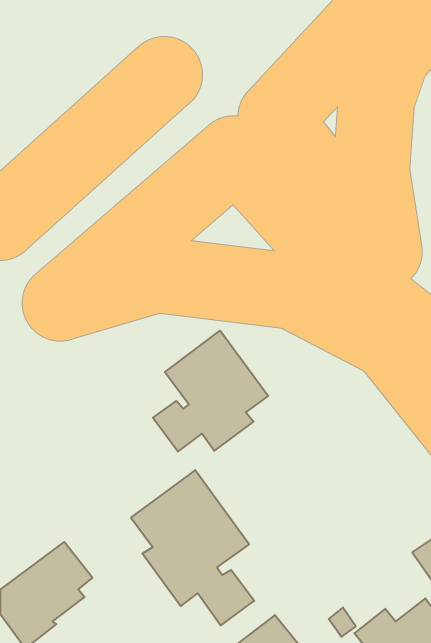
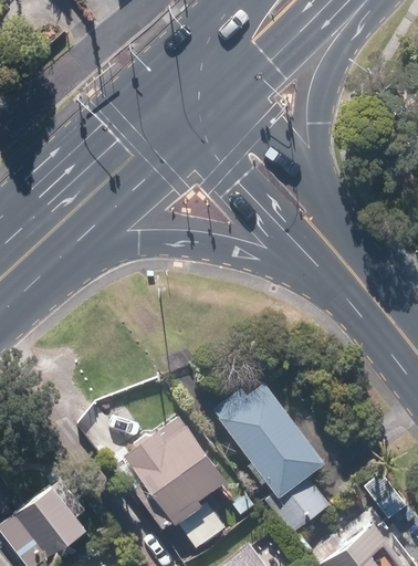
building: [153,331,268,452] -> none
building: none -> [215,382,333,534]

